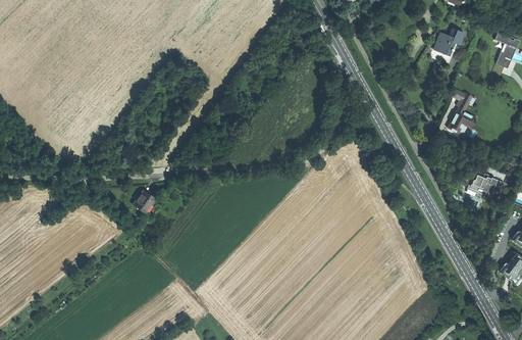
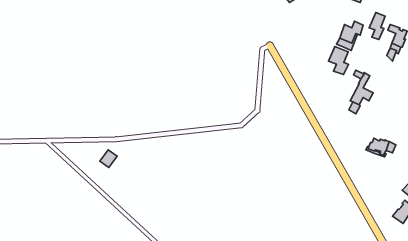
building: none -> [369,12,385,39]
building: none -> [328,47,348,74]

